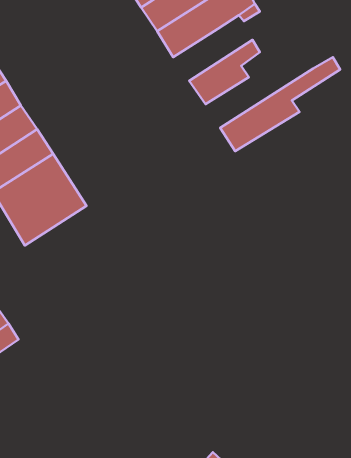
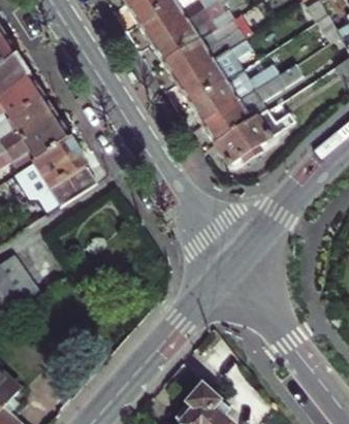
building: none -> [167,35,233,79]
building: none -> [194,59,284,119]
building: none -> [219,102,299,160]

